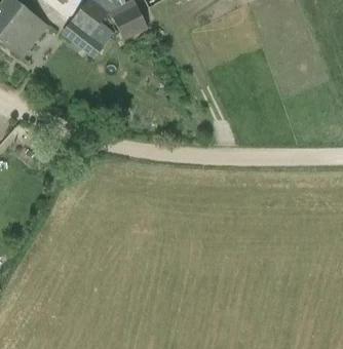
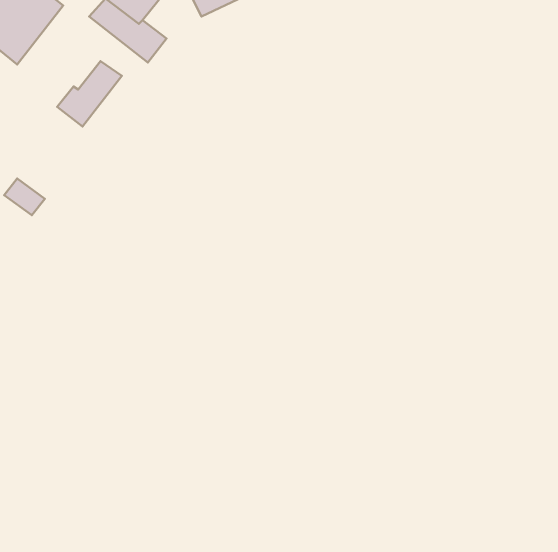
building: none -> [57,61,122,127]

